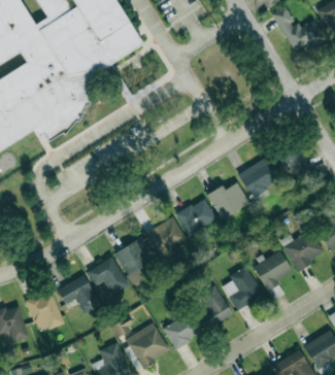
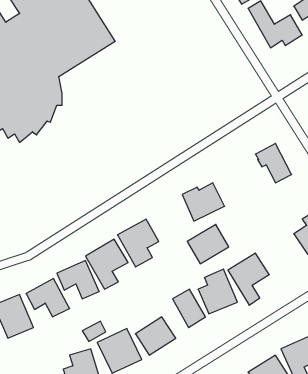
building: [237,158,278,201] -> none
building: [176,198,216,236] -> [187,224,229,264]
building: [280,231,324,270] -> none

